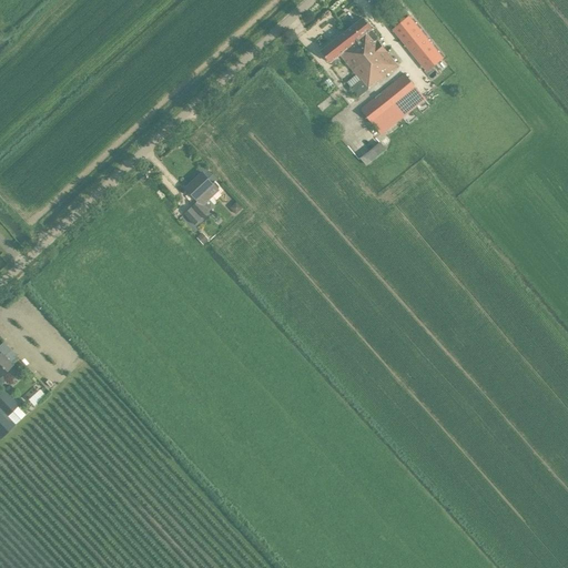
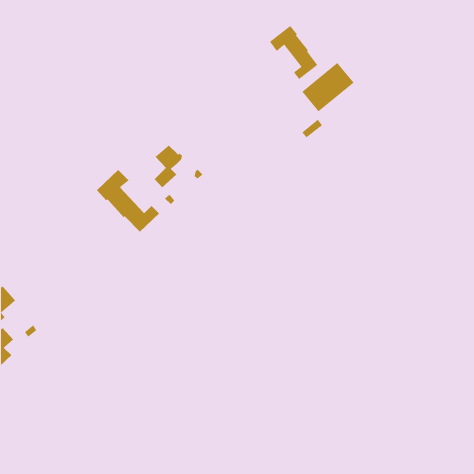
building: [393,17,442,71] -> none
building: [347,18,397,78] -> none
building: none -> [96,169,160,233]

